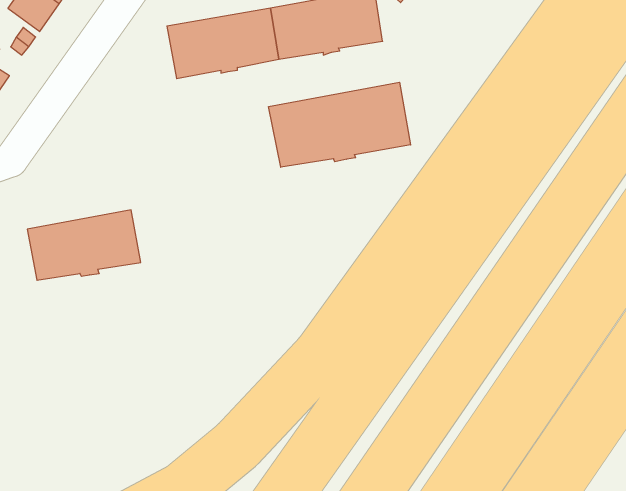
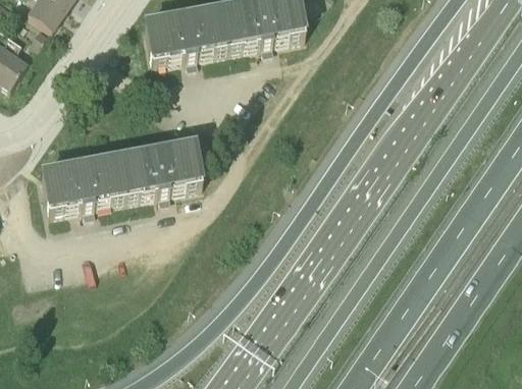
building: [269,82,411,167] -> none
building: none -> [118,143,202,196]

